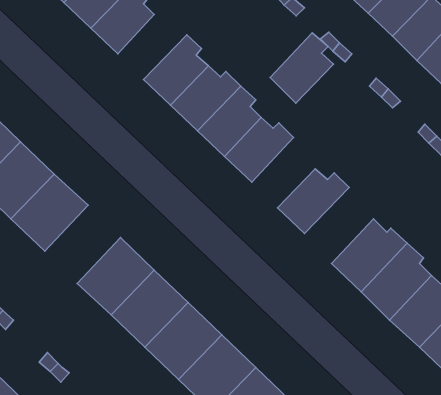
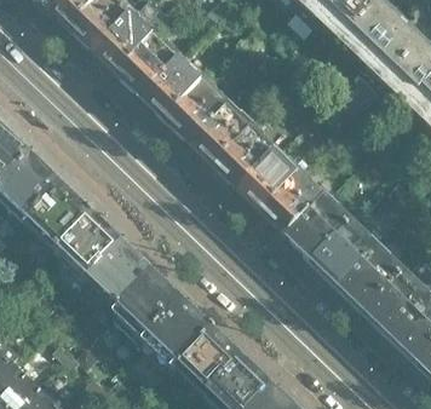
building: none -> [126,44,188,102]
building: [270,33,334,103] -> [246,154,303,217]
building: none -> [293,198,355,266]
building: none -> [61,214,128,284]

